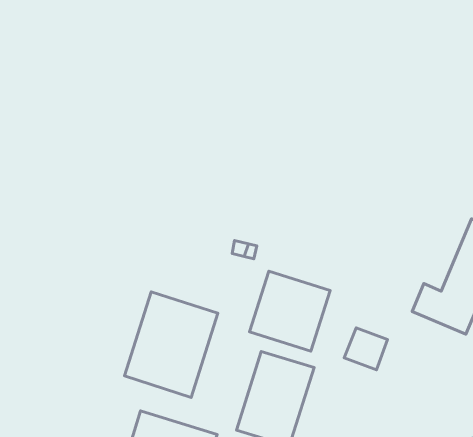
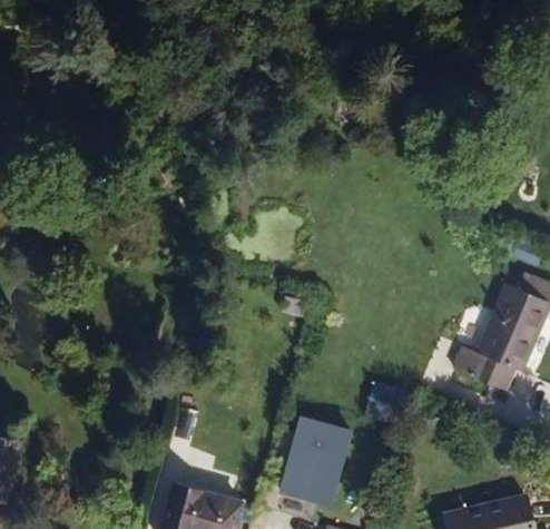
building: [249,271,330,351] -> none
building: [124,292,218,397] -> none

